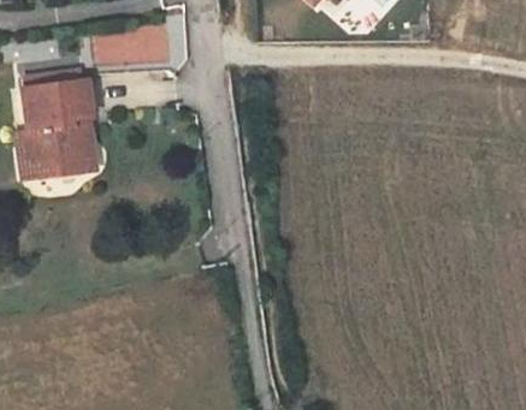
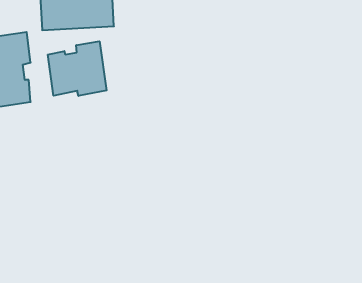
building: none -> [48,41,107,96]

